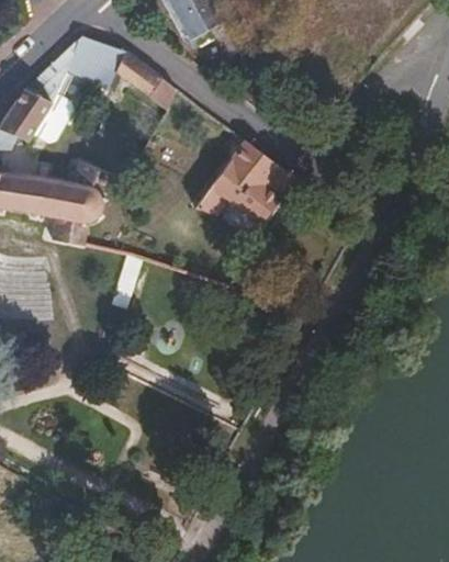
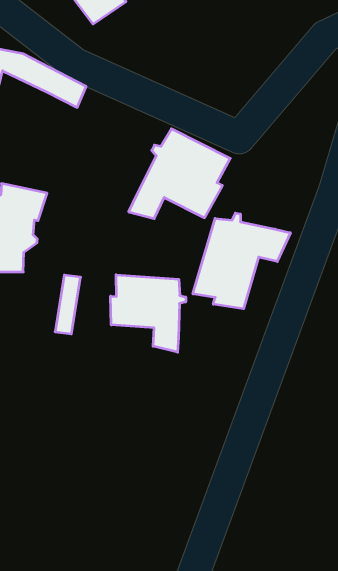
building: none -> [193,213,290,309]
building: none -> [111,275,186,352]

